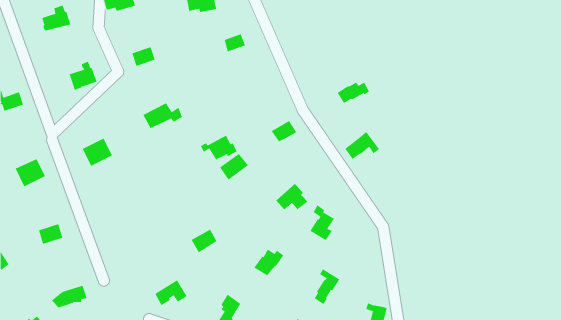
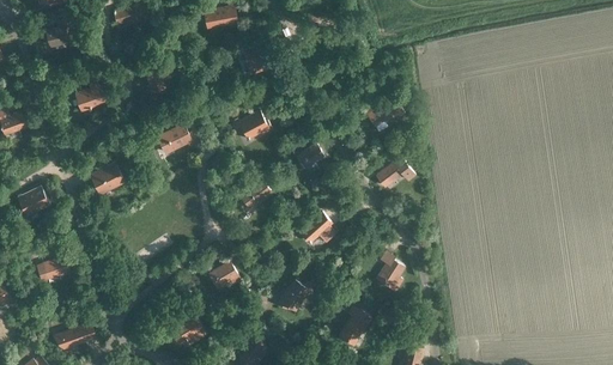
building: [200,135,237,160] -> [231,112,272,140]
building: [310,205,335,241] -> [377,253,405,292]

